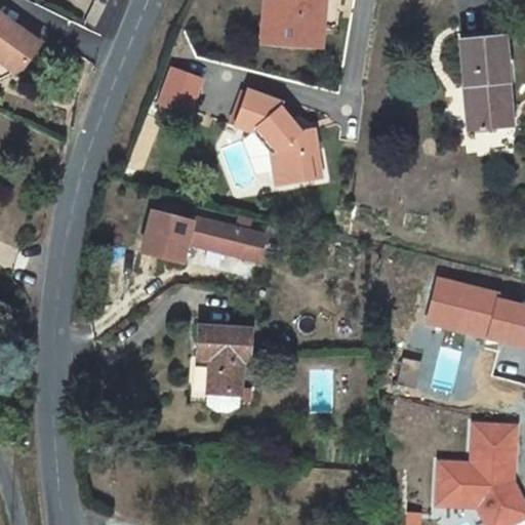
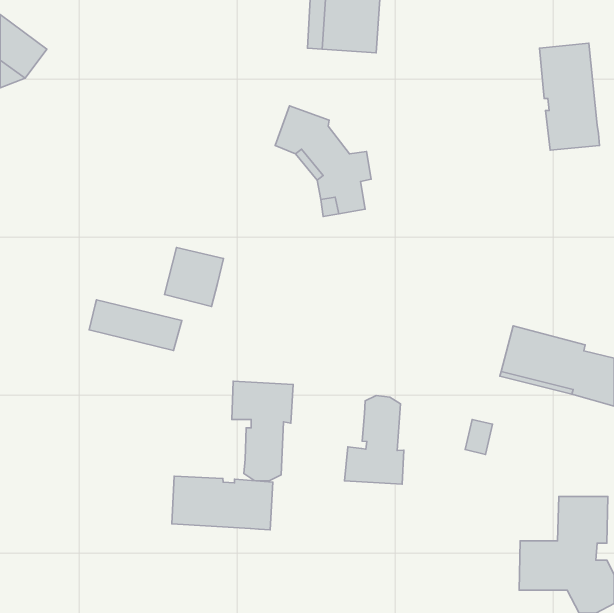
building: [155,65,200,113] -> none
building: [186,216,265,259] -> [89,300,182,350]
building: none -> [345,396,404,484]
building: none -> [172,476,273,530]

